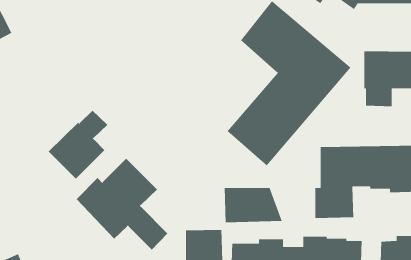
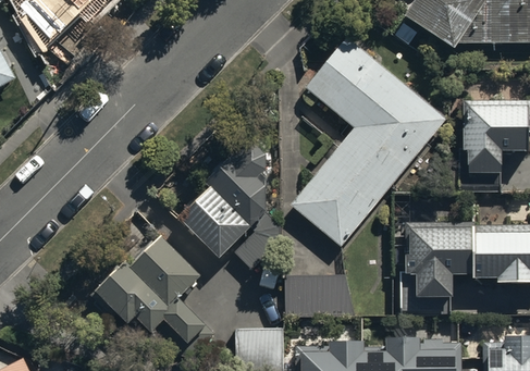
building: none -> [176,141,281,270]
building: [48,110,108,180] -> none

